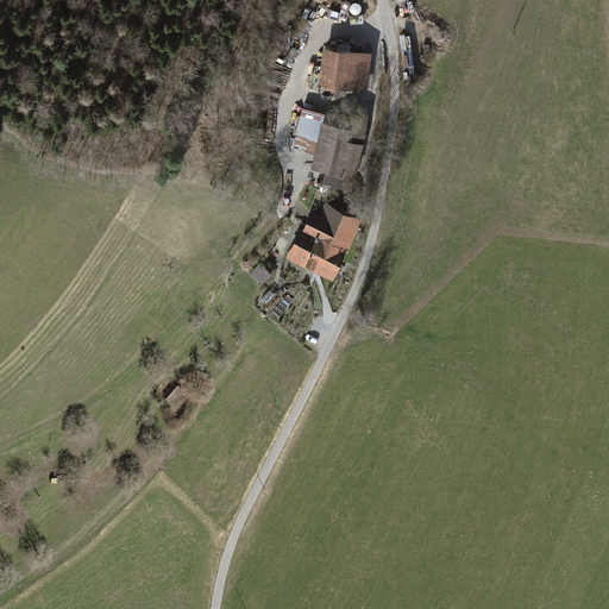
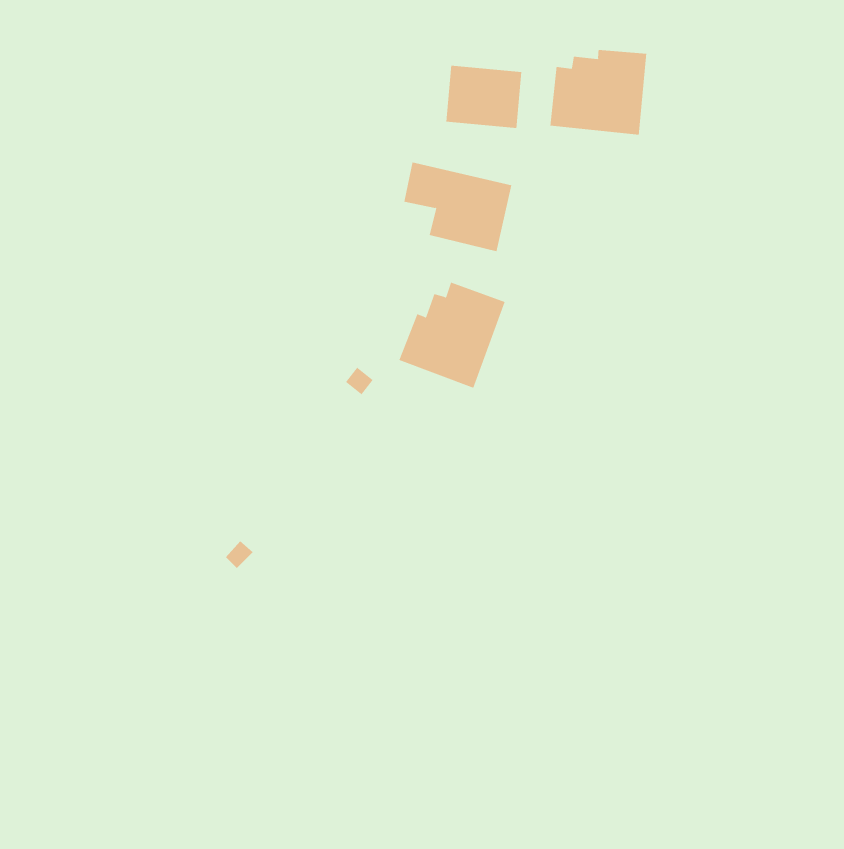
building: none -> [550,49,647,135]

